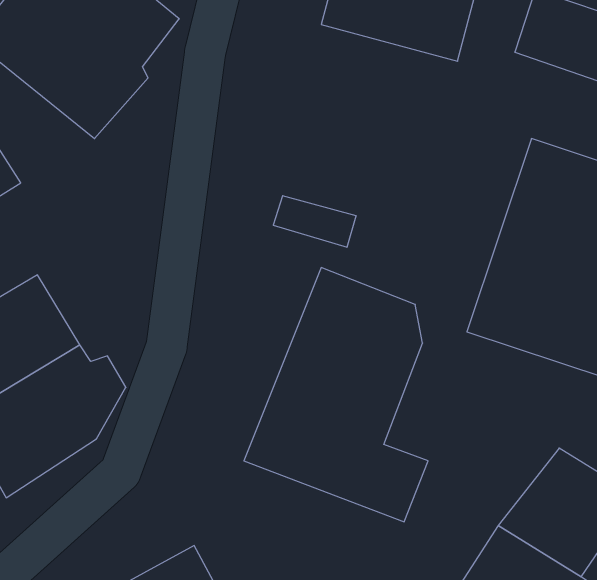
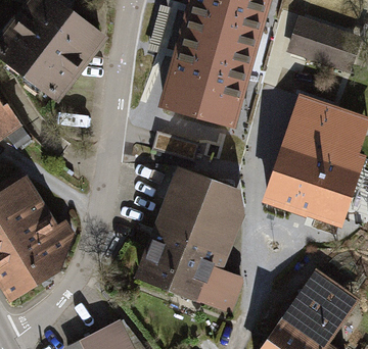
building: none -> [162,36,259,132]

